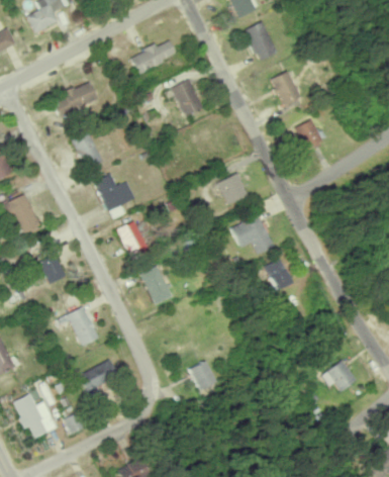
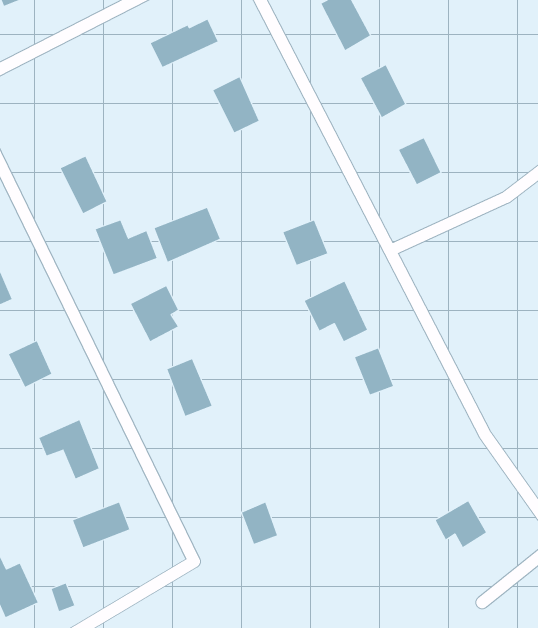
building: [54,81,97,116] -> none
building: none -> [154,207,221,263]

